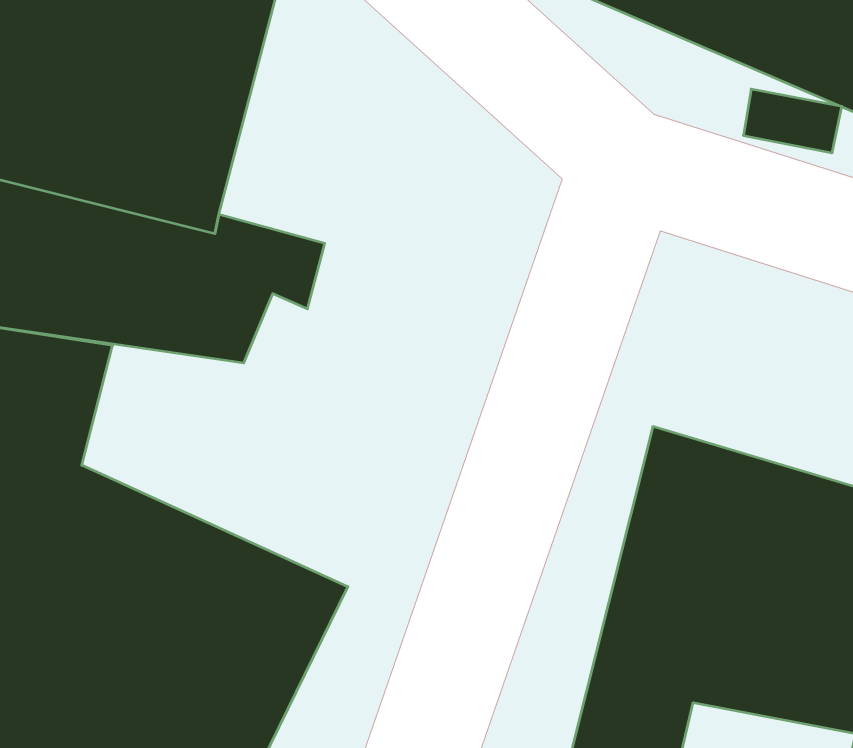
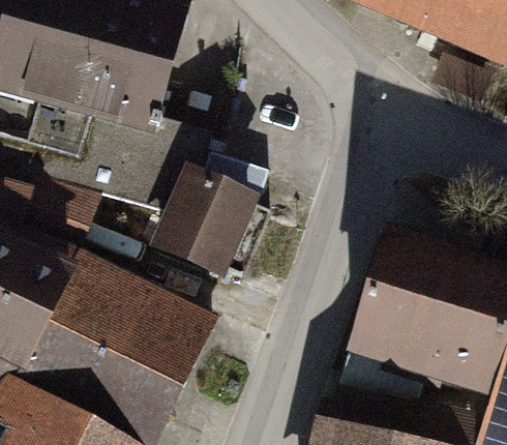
building: none -> [145,166,257,284]

